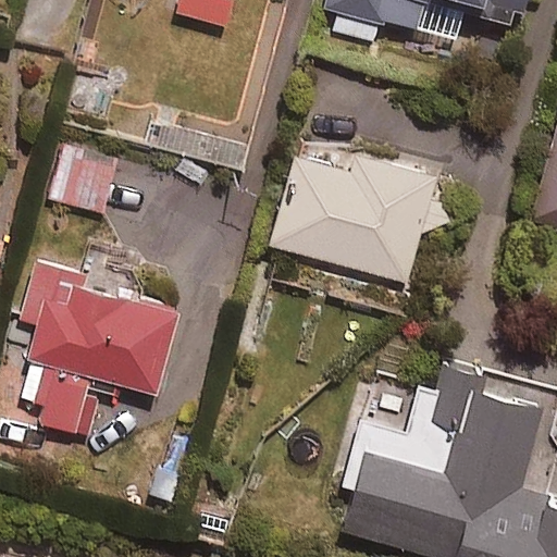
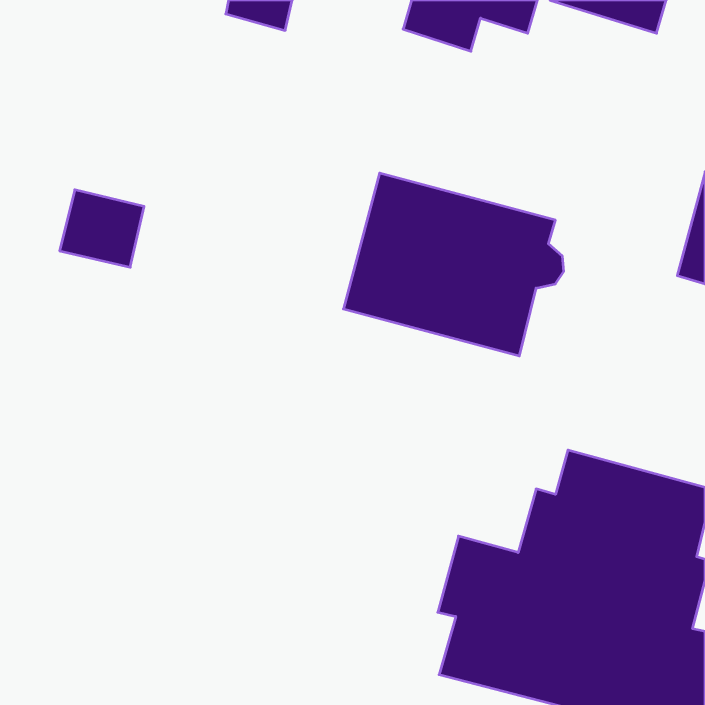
building: [20,256,177,435] -> none

